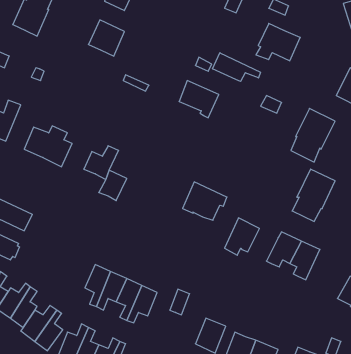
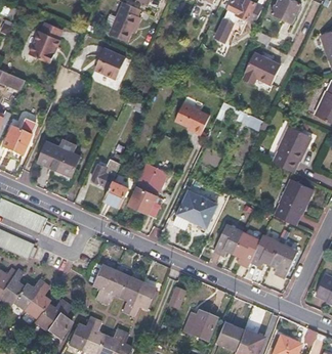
building: [213,53,261,81] -> none
building: none -> [128,163,168,217]
building: none -> [235,231,261,266]

